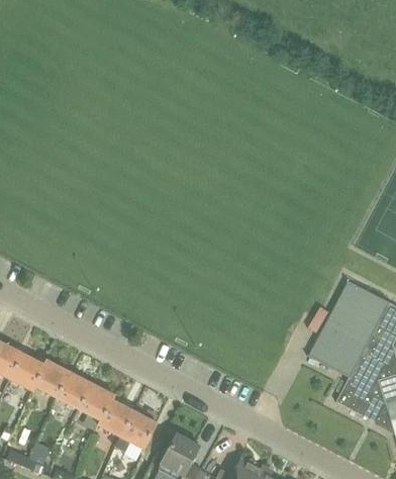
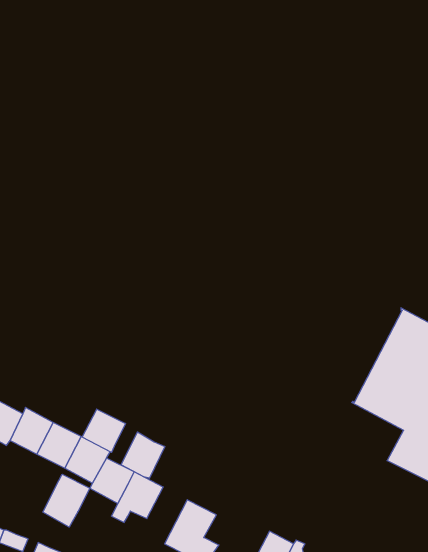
building: none -> [82,409,125,452]
building: none -> [121,432,165,478]
building: none -> [43,474,90,527]

